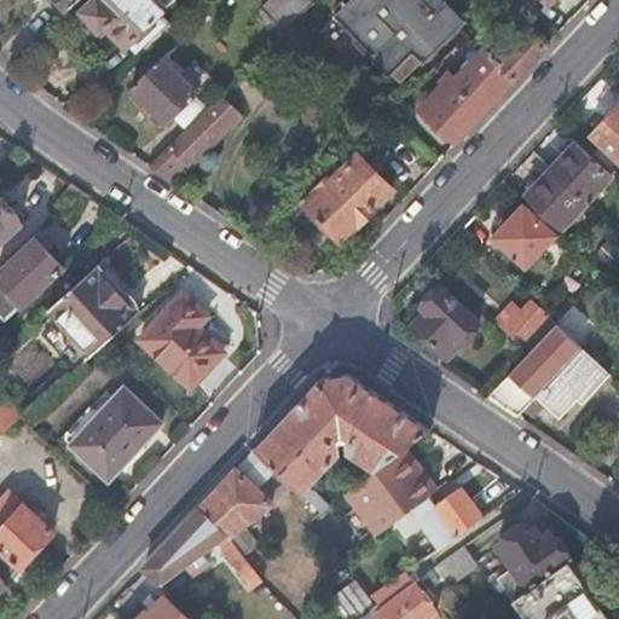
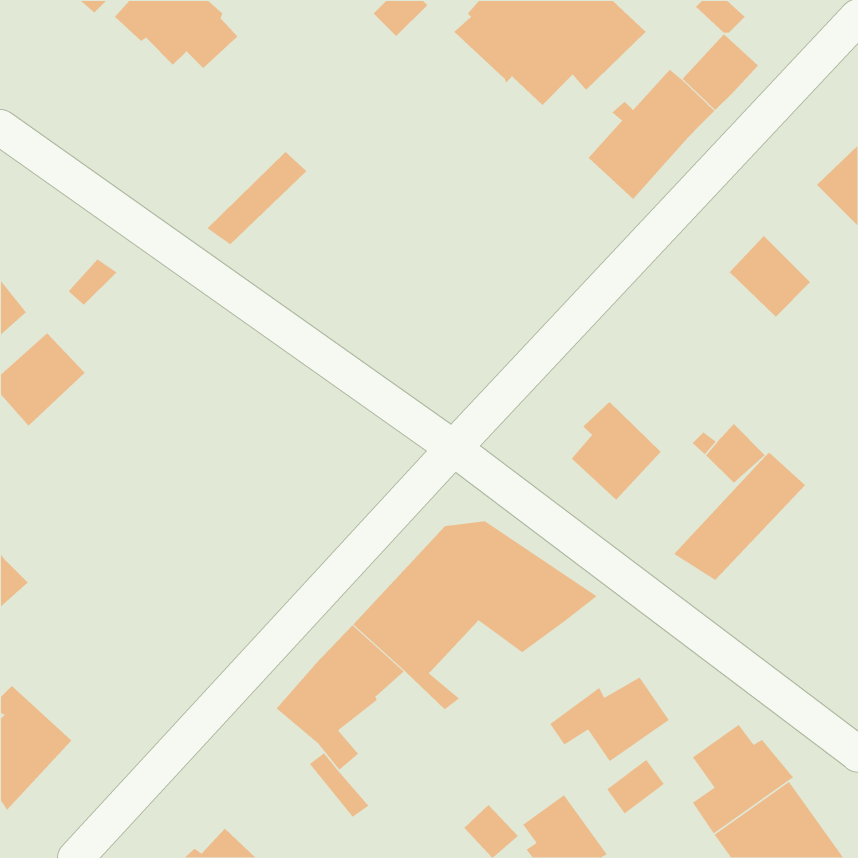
building: [131,59,213,127] -> none
building: [550,145,608,203] -> none
building: [301,155,393,242] -> none
building: [494,209,551,267] -> none
building: [48,265,138,361] -> none
building: [138,293,221,387] -> none
building: [536,352,607,420] -> none
building: [69,388,161,480] -> none
building: [347,447,438,527] -> none
building: [144,510,228,584] -> none

